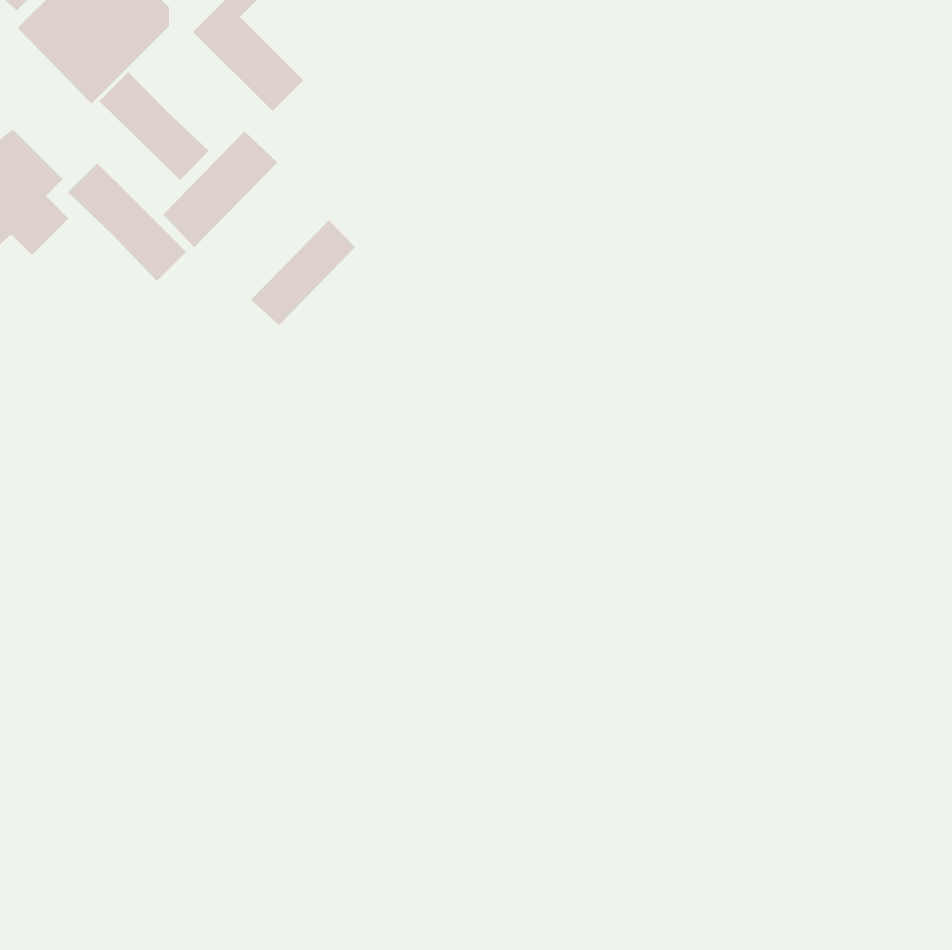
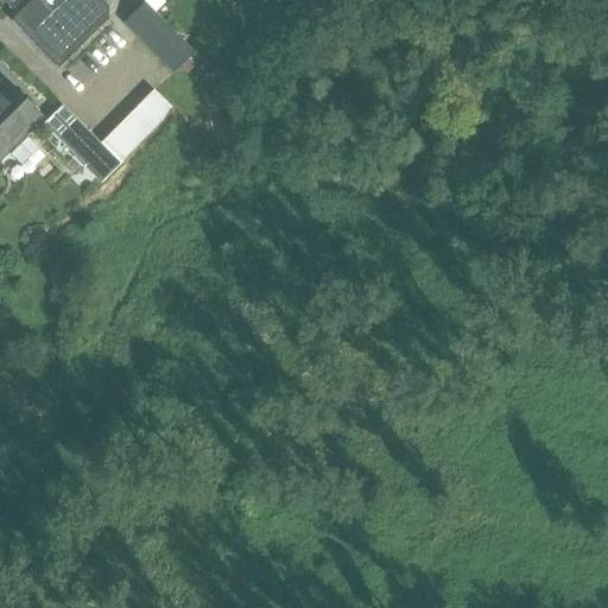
building: [99,71,210,181] -> none
building: [250,220,356,326] -> none

